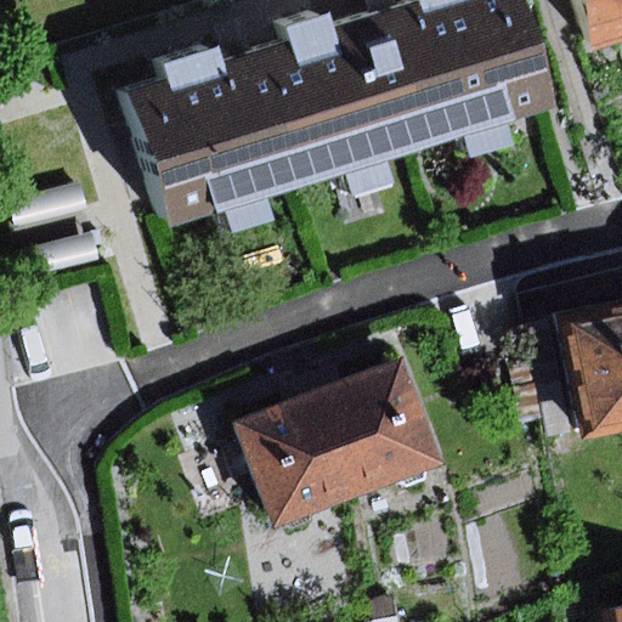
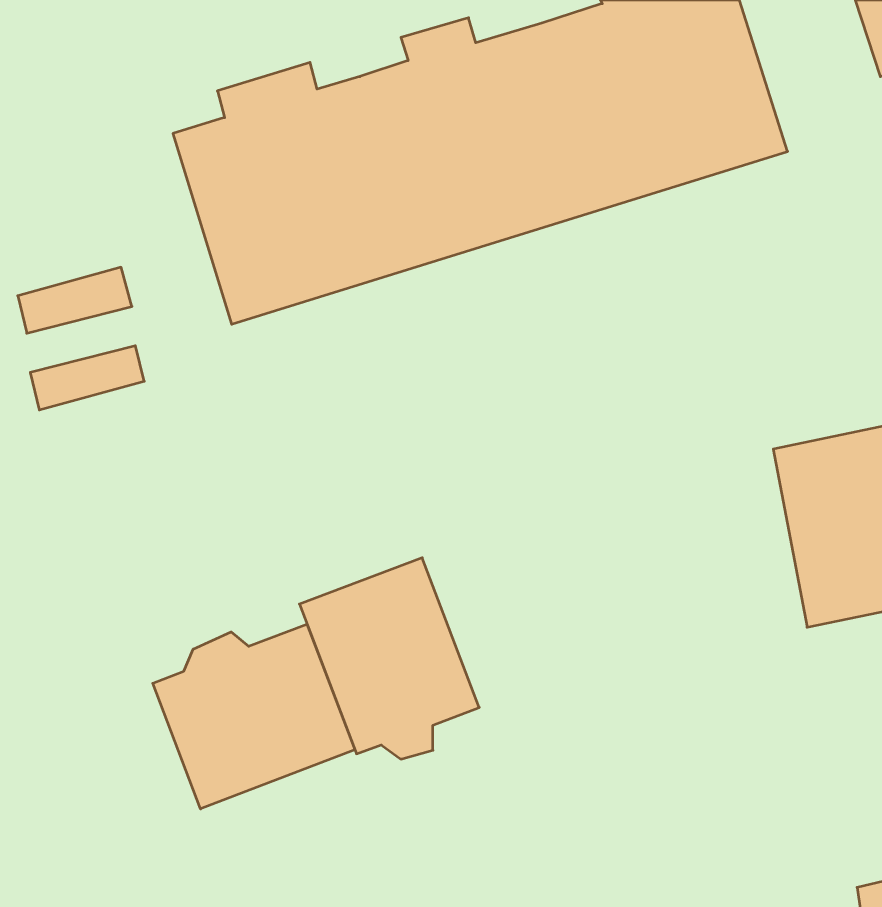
building: [307,350,431,485] -> none
building: none -> [153,624,355,809]

